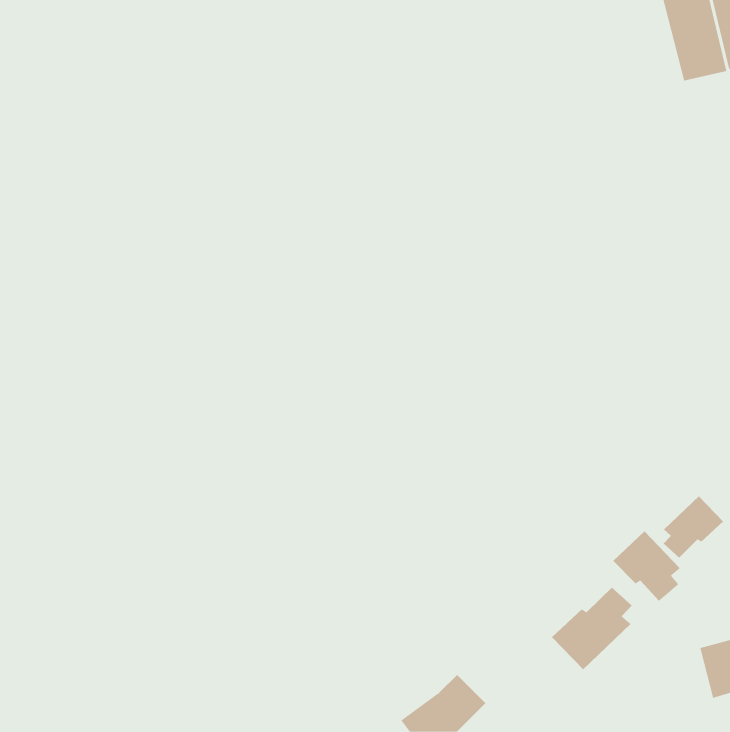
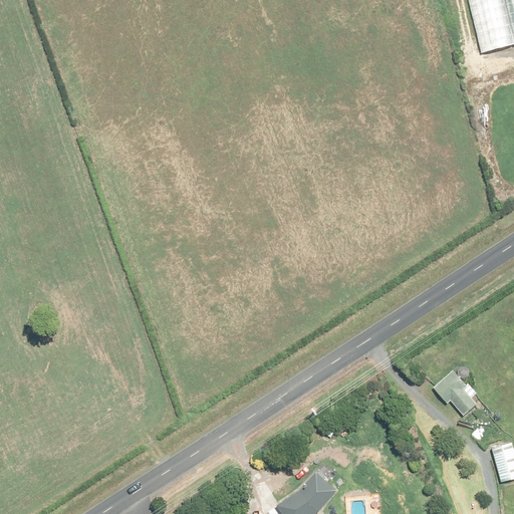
building: [663,495,724,558] -> none
building: [551,587,632,670] -> none

